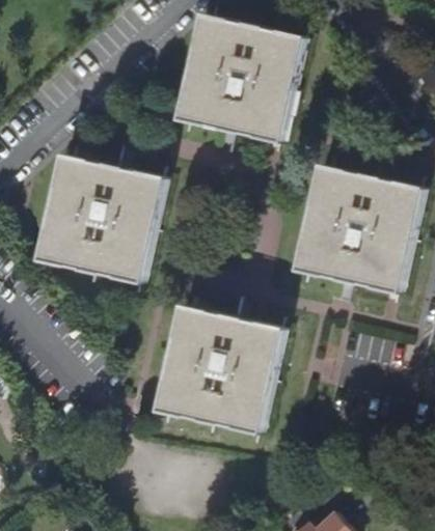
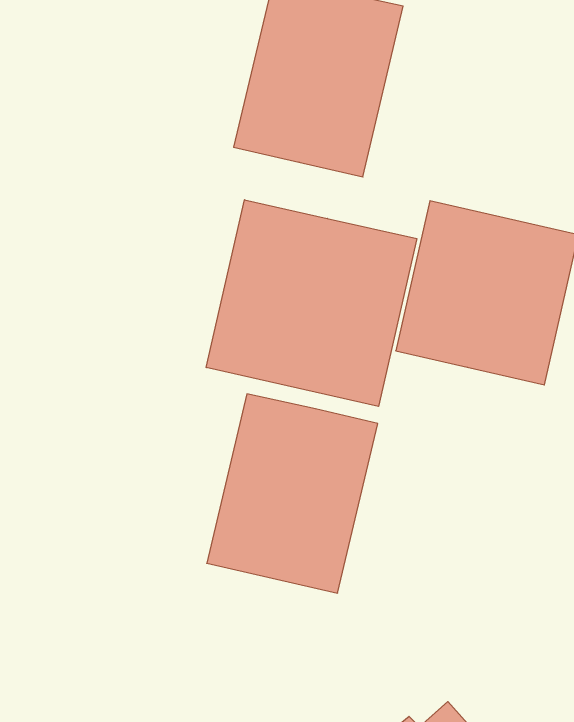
building: [44,145,162,284] -> none
building: none -> [206,200,417,406]

